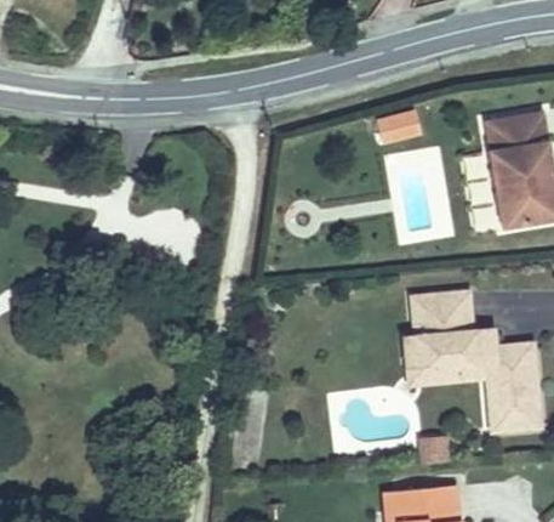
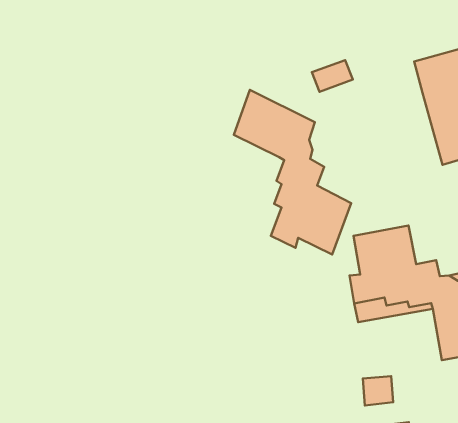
building: none -> [234,90,351,254]

